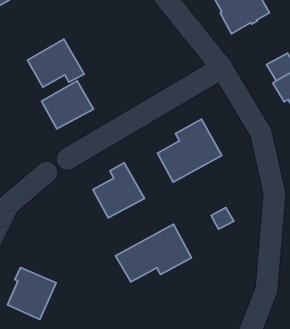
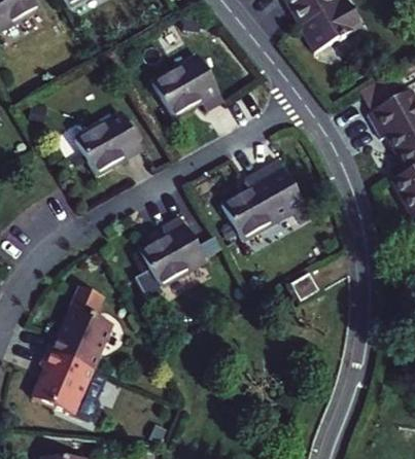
building: [27,39,84,87] -> [153,56,226,116]
building: [116,224,192,282] -> none
building: none -> [48,305,114,367]

